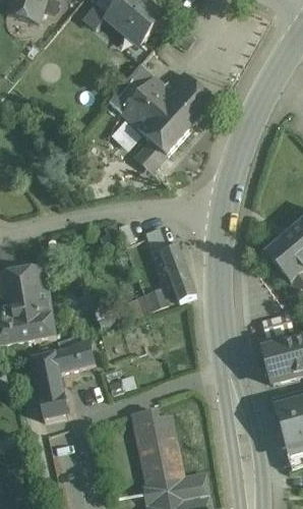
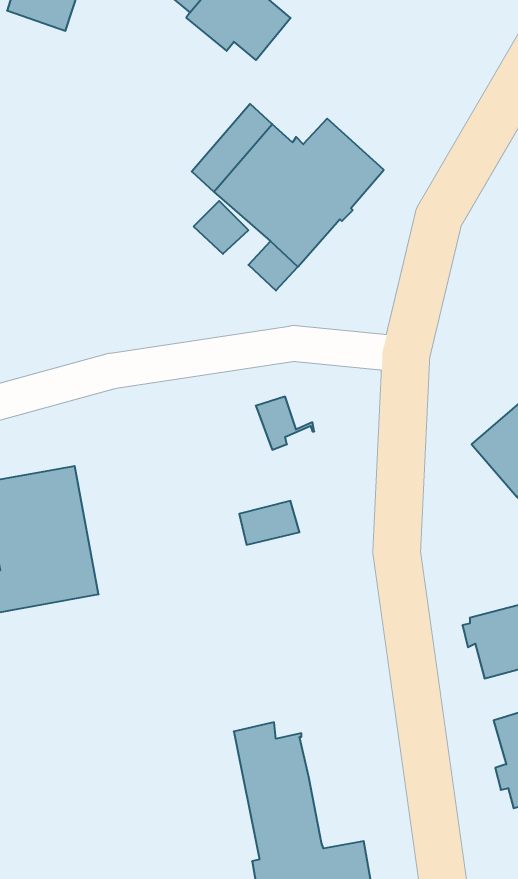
building: [161,242,195,300] -> none
building: [29,340,93,419] -> none

